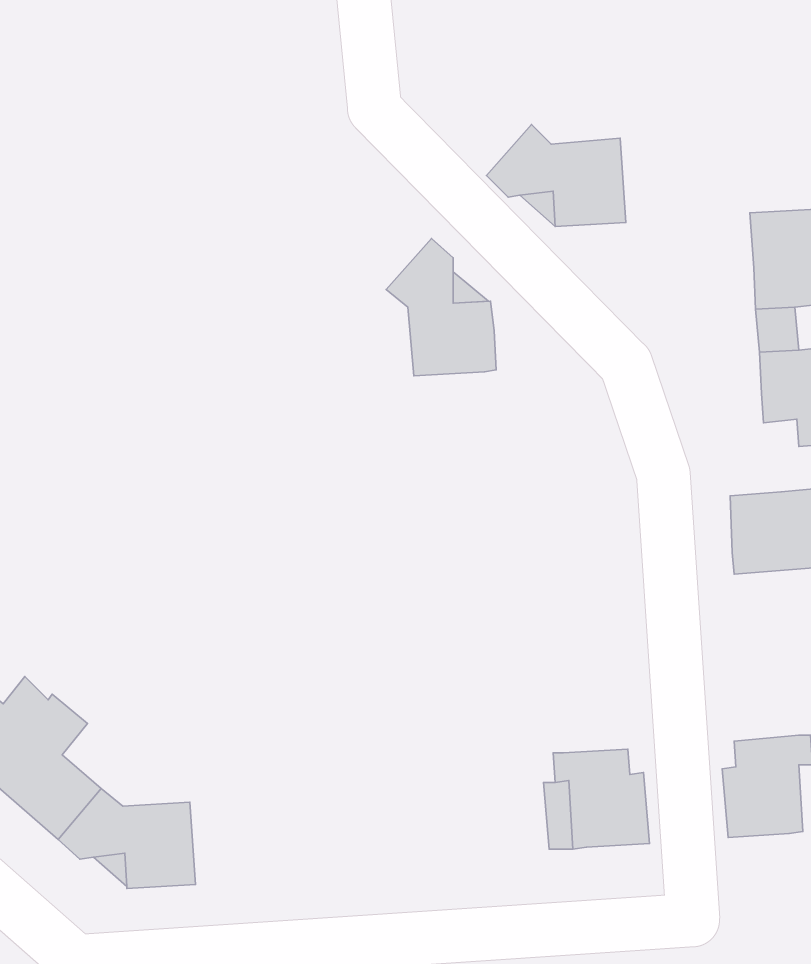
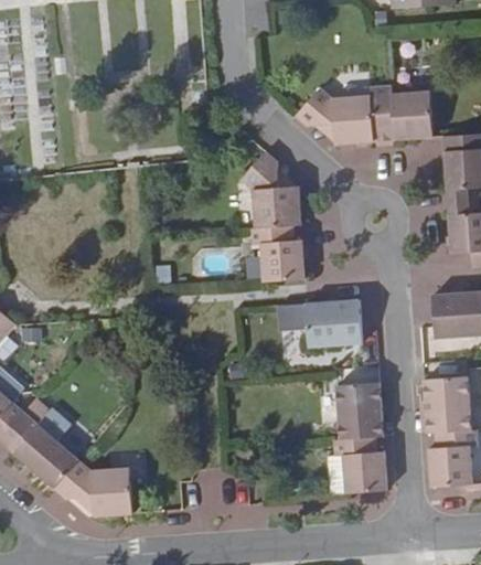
building: none -> [370,85,432,141]
building: none -> [252,225,304,281]
building: none -> [282,299,362,348]
building: none -> [424,375,471,433]
building: none -> [336,382,383,439]

